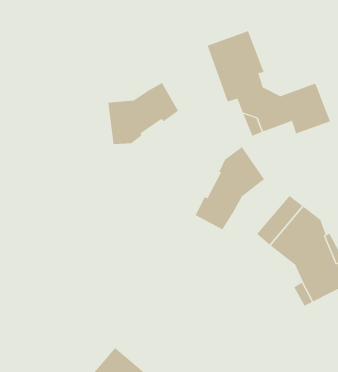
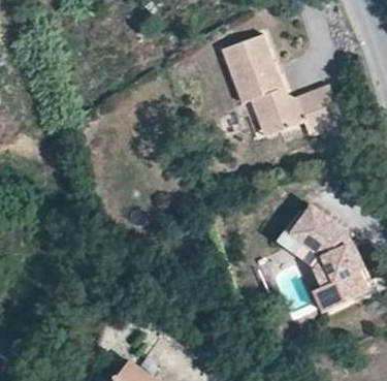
building: [108,82,179,145] -> none
building: [195,146,265,230] -> none

